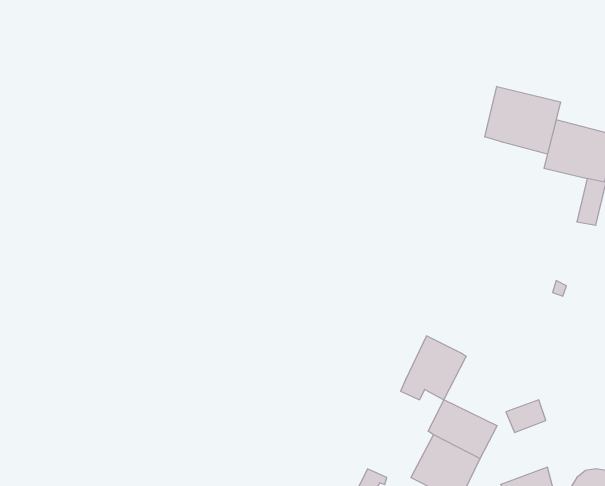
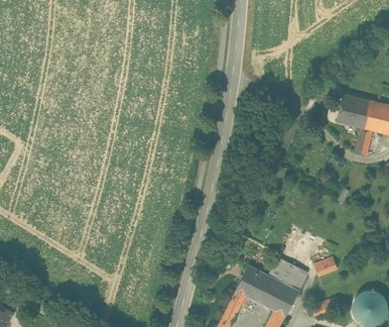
building: [485,86,561,154] -> none
building: [401,336,466,400] -> [233,265,271,303]

